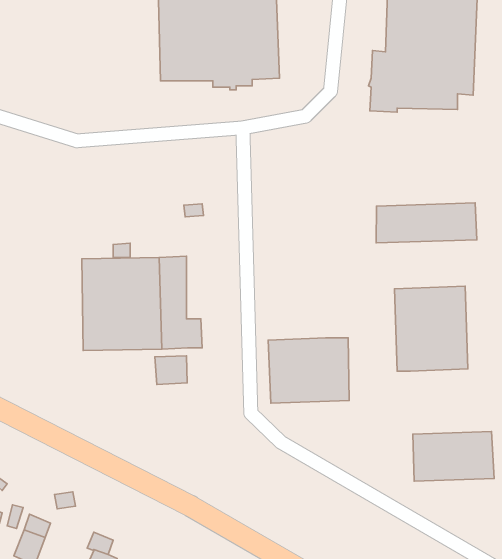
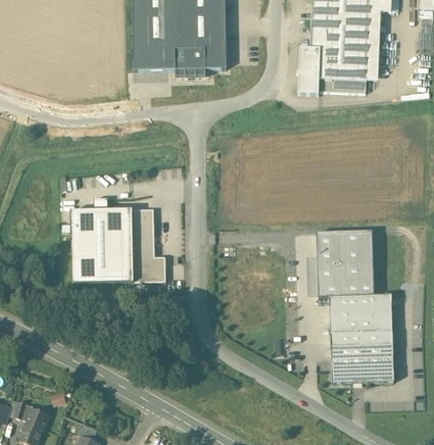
building: [376,203,477,243] -> none
building: [268,338,349,403] -> [329,295,392,346]
building: [155,356,187,384] -> none

